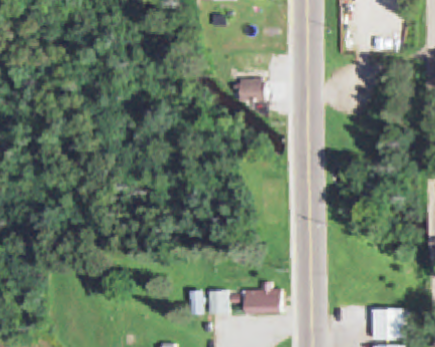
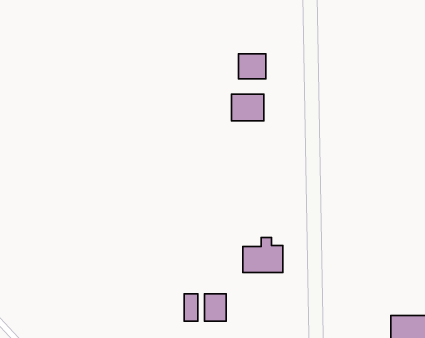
building: none -> [232,94,264,121]
building: [245,282,280,313] -> [243,237,283,273]

